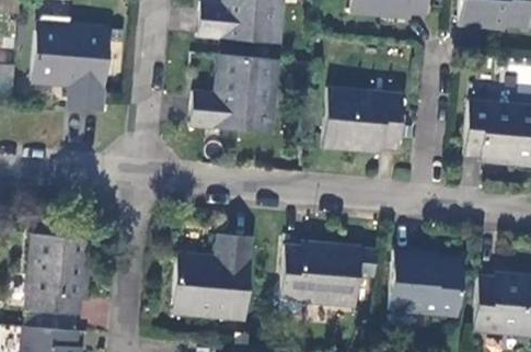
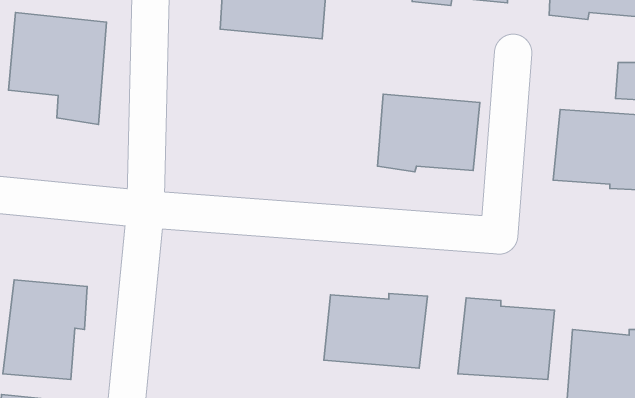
building: [191,56,278,135] -> none
building: [171,236,254,322] -> none

